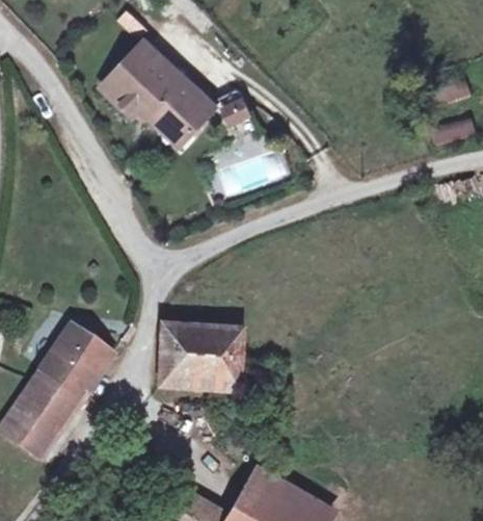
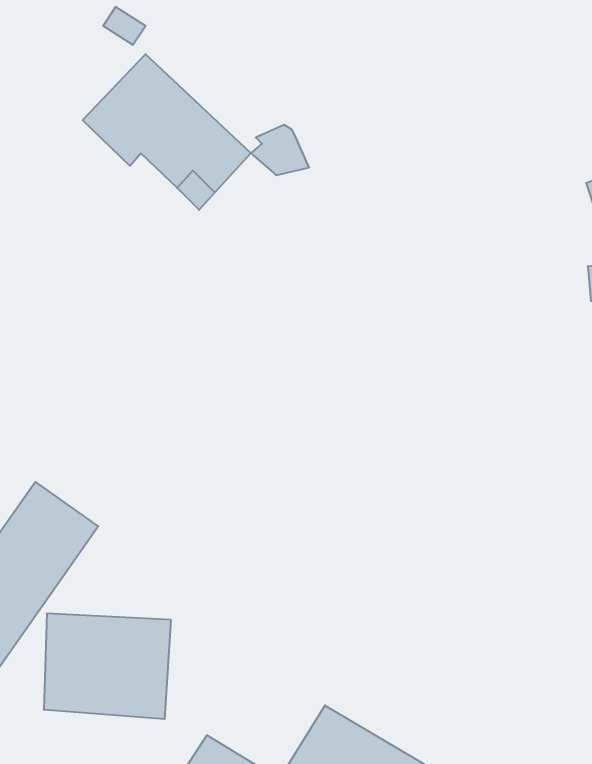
building: [158,323,242,393] -> [44,614,171,719]

